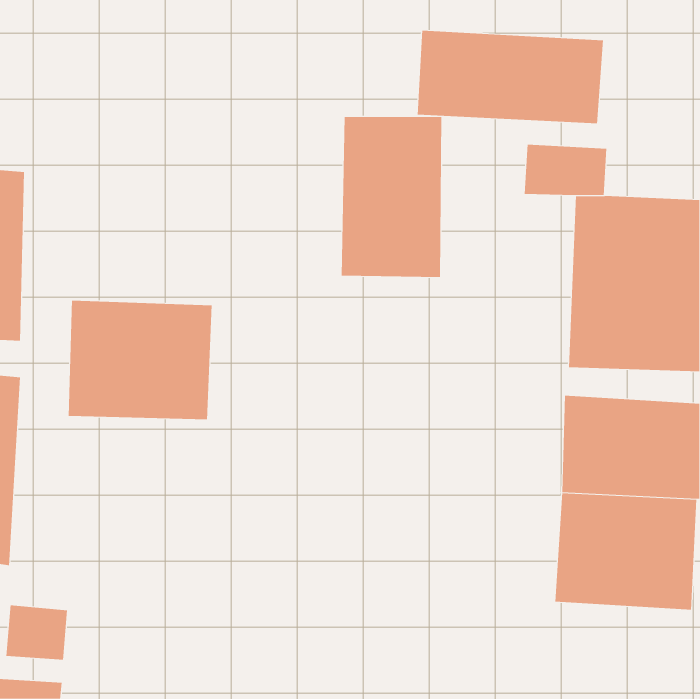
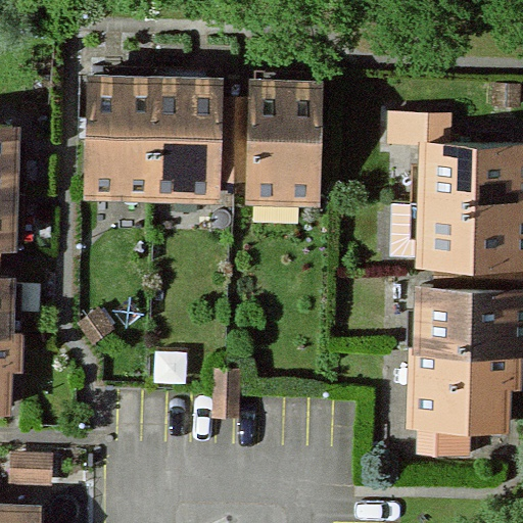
building: [417,30,604,124] -> none
building: none -> [86,79,225,201]
building: [68,300,212,420] -> none

